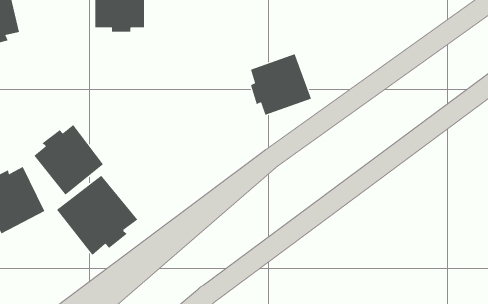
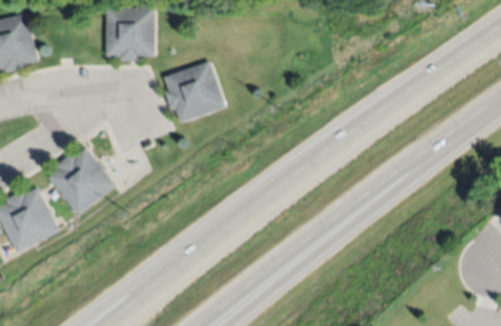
building: [250,54,312,115] -> [166,62,225,121]
building: [56,175,138,256] -> none

